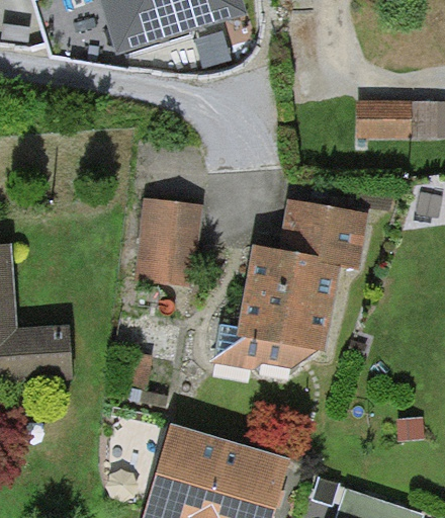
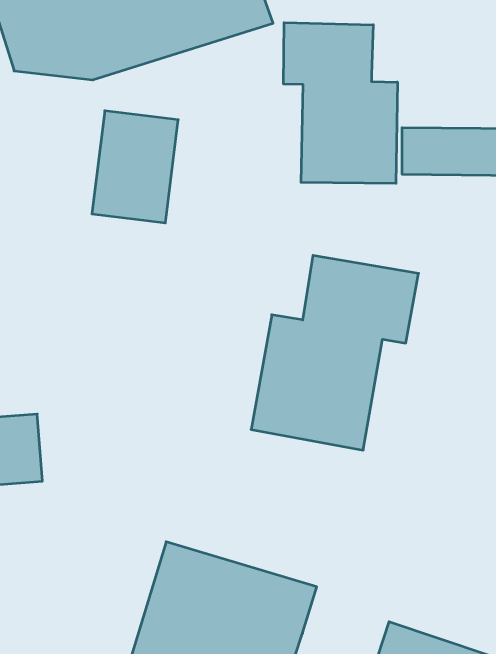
building: none -> [284,23,397,183]
building: [134,198,201,286] -> [92,111,178,223]

